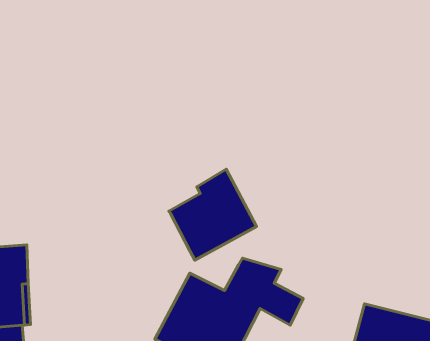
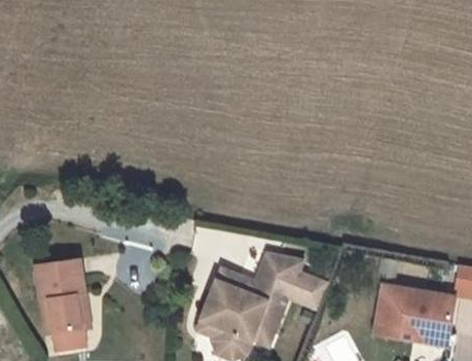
building: [169,169,256,260] -> none

